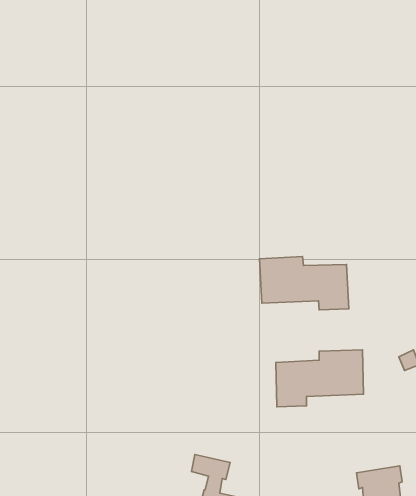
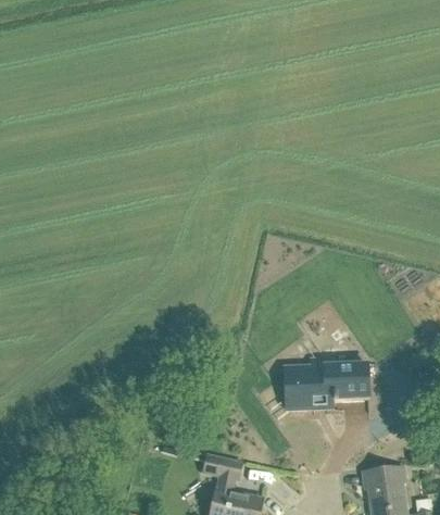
building: [259,257,349,310] -> none

